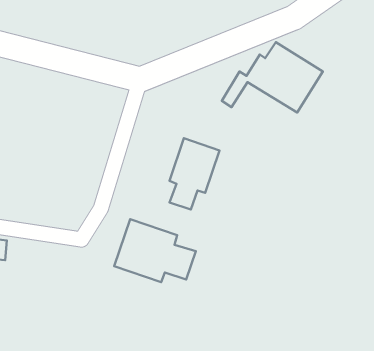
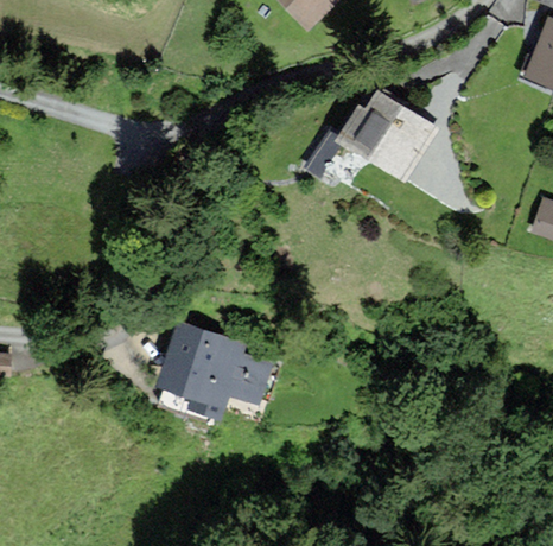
building: [170,138,219,210] -> none

